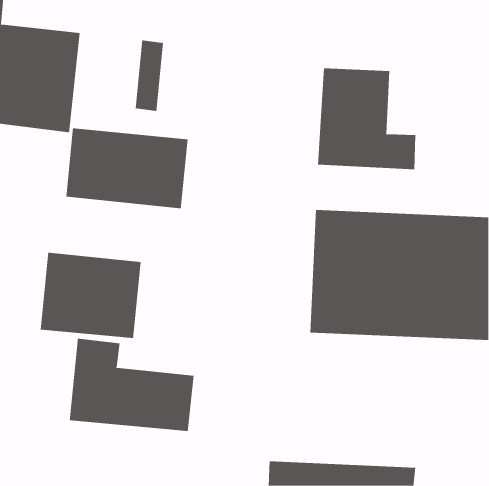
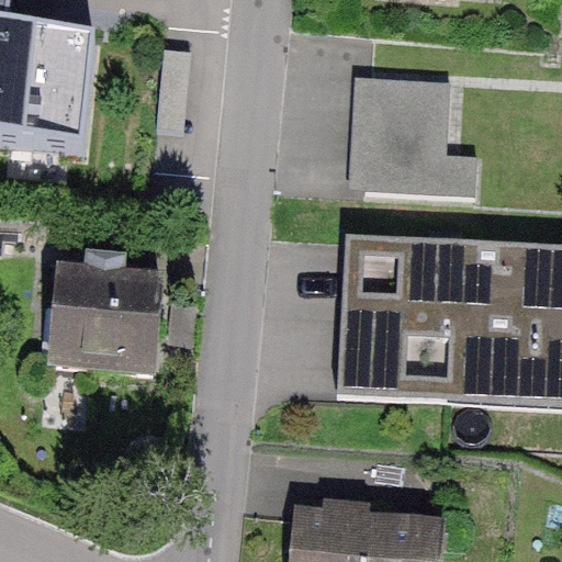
building: [66,127,188,209] -> none
building: [69,338,194,432] -> none

